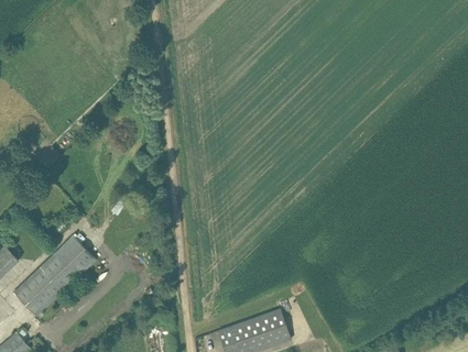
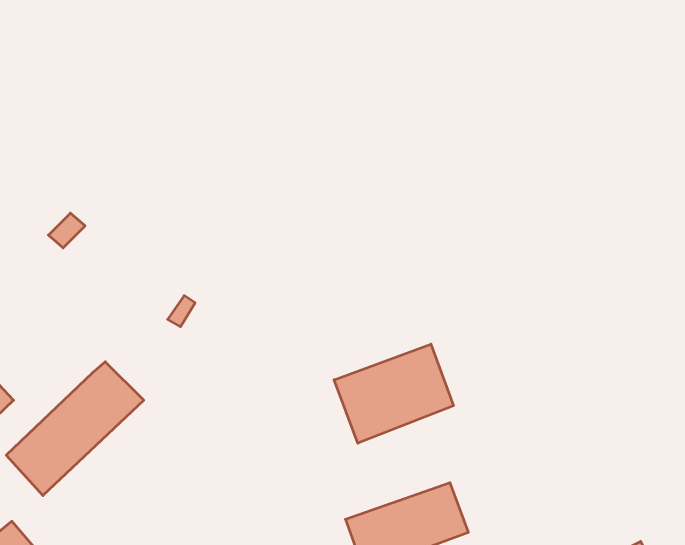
building: none -> [334,344,453,443]

